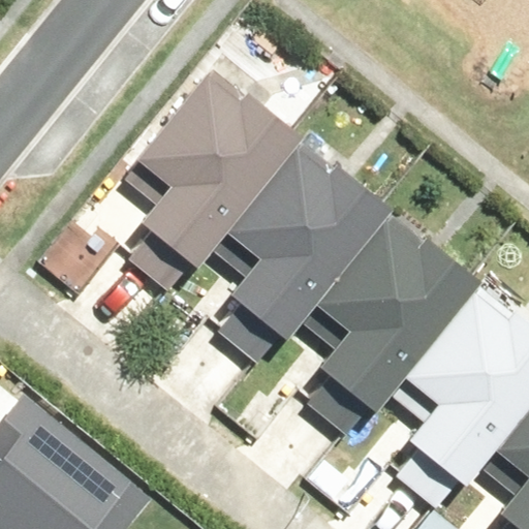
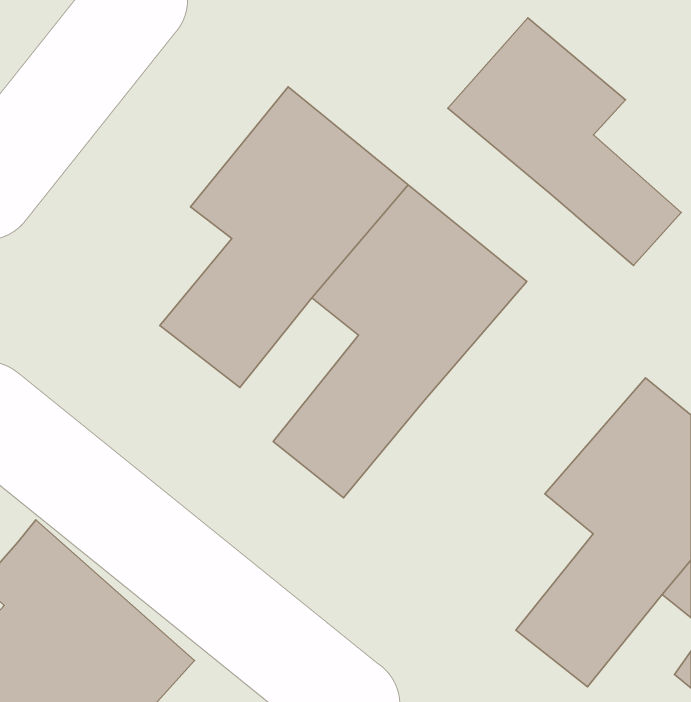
building: none -> [448,18,681,266]
building: [304,213,484,438] -> none

